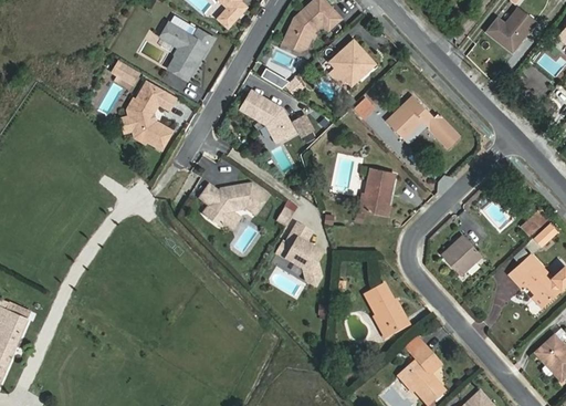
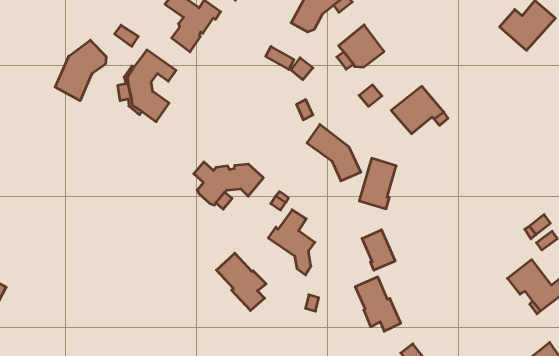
building: none -> [55,40,106,101]
building: [240,90,294,143] -> [307,124,361,181]
building: [440,235,481,275] -> none
building: none -> [362,230,395,270]
building: none -> [216,253,266,311]

